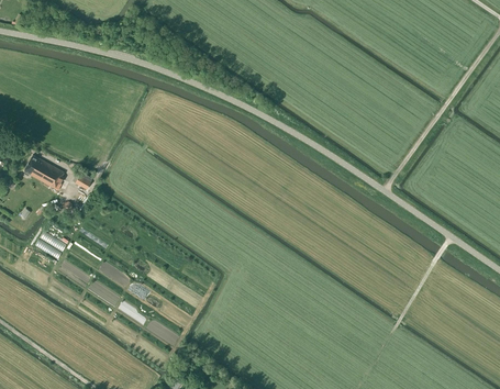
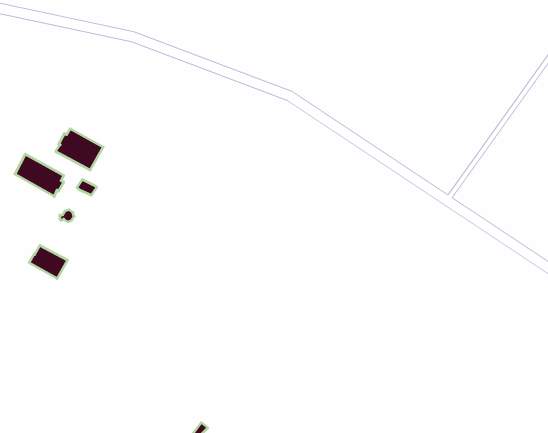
building: none -> [56,129,103,170]

